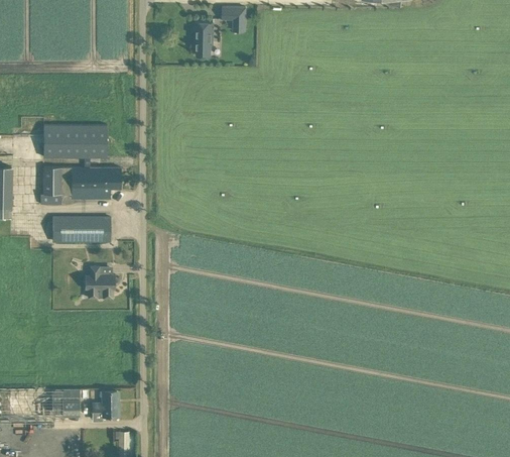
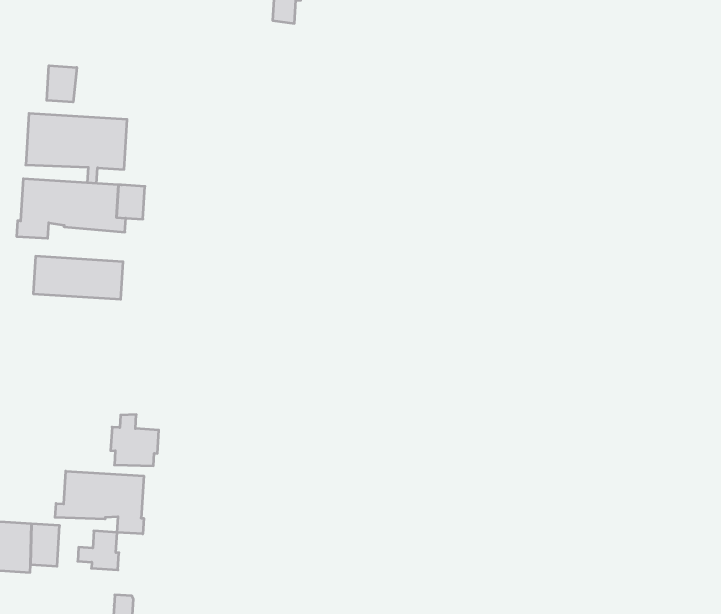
building: none -> [47,66,77,102]
building: [84,265,114,299] -> [111,415,159,466]
building: none -> [55,471,144,534]

